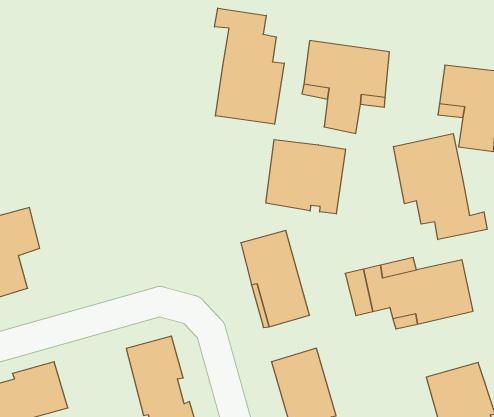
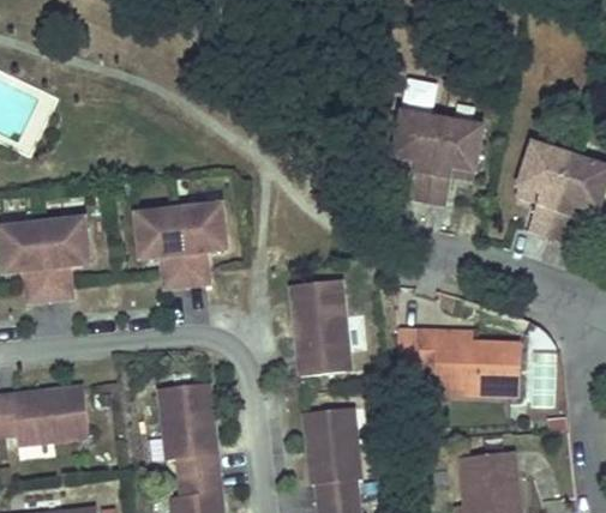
building: [215,8,284,124] -> none
building: [393,134,487,240] -> none
building: [266,140,345,214] -> none
building: none -> [136,201,227,288]

